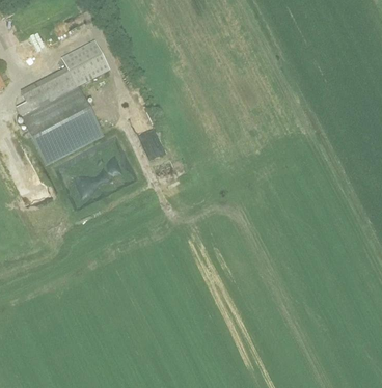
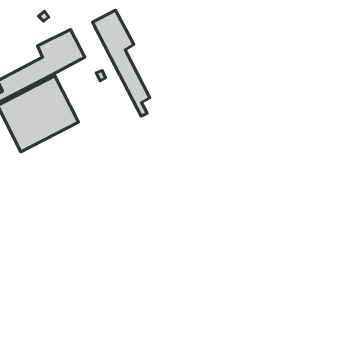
building: none -> [93,10,150,116]

